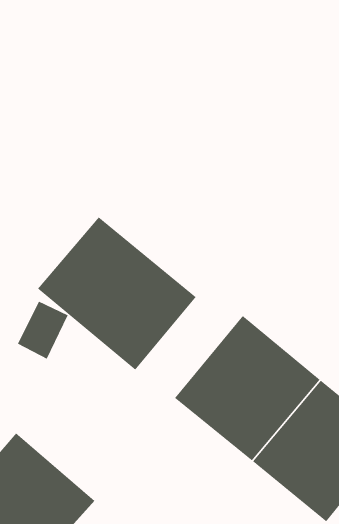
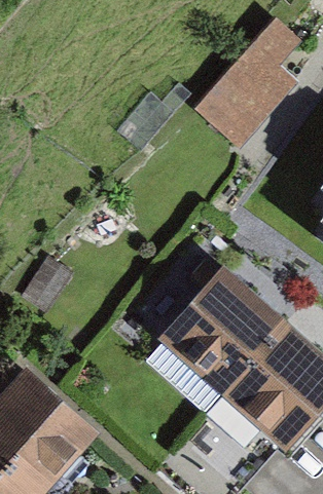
building: none -> [195,26,297,145]
building: [37,216,197,371] -> none

